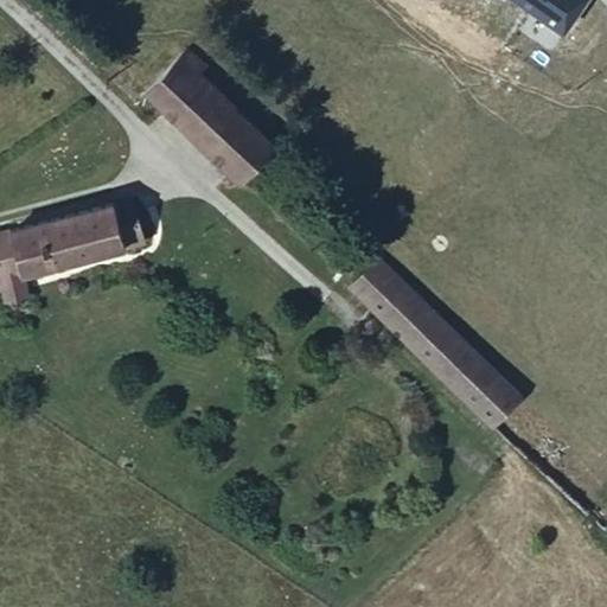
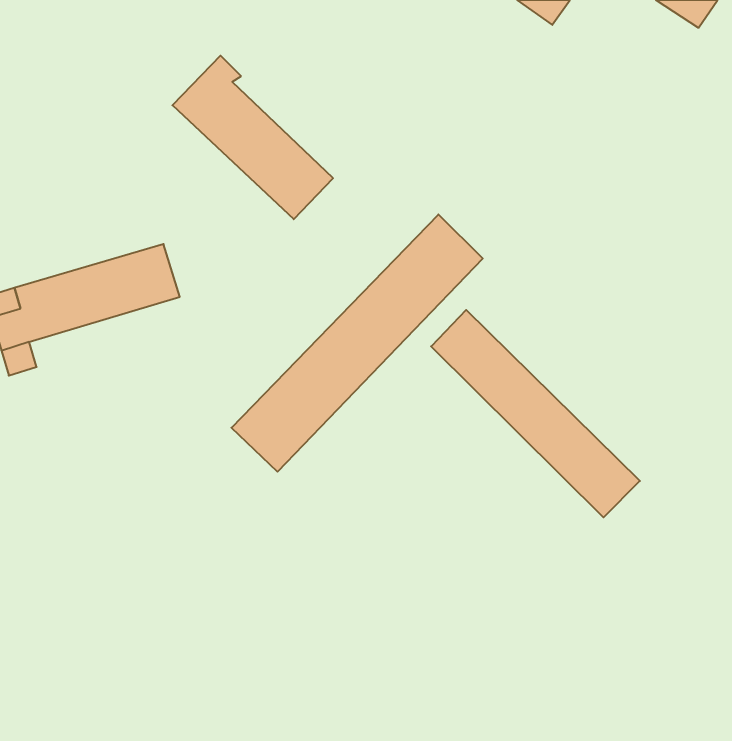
building: none -> [231,214,483,472]

